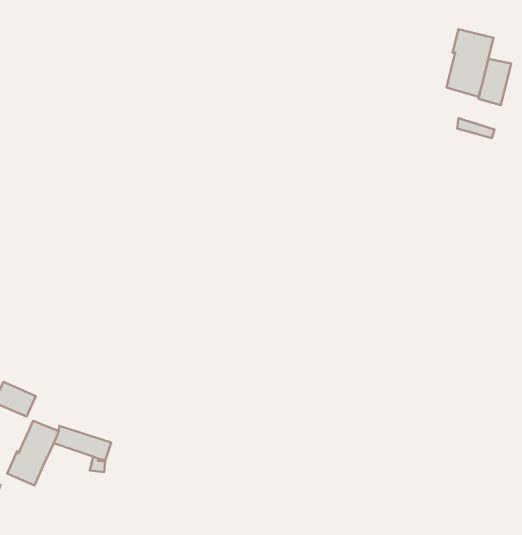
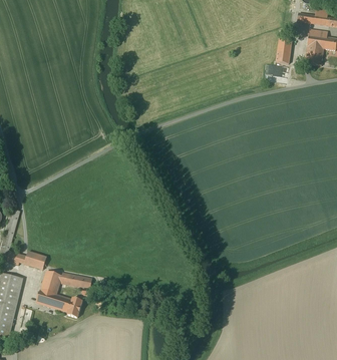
building: [447,29,494,97] -> none
building: none -> [52,295,82,318]

